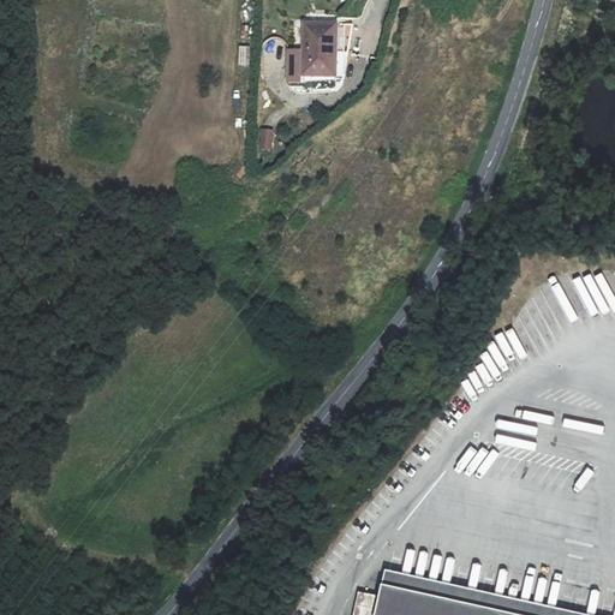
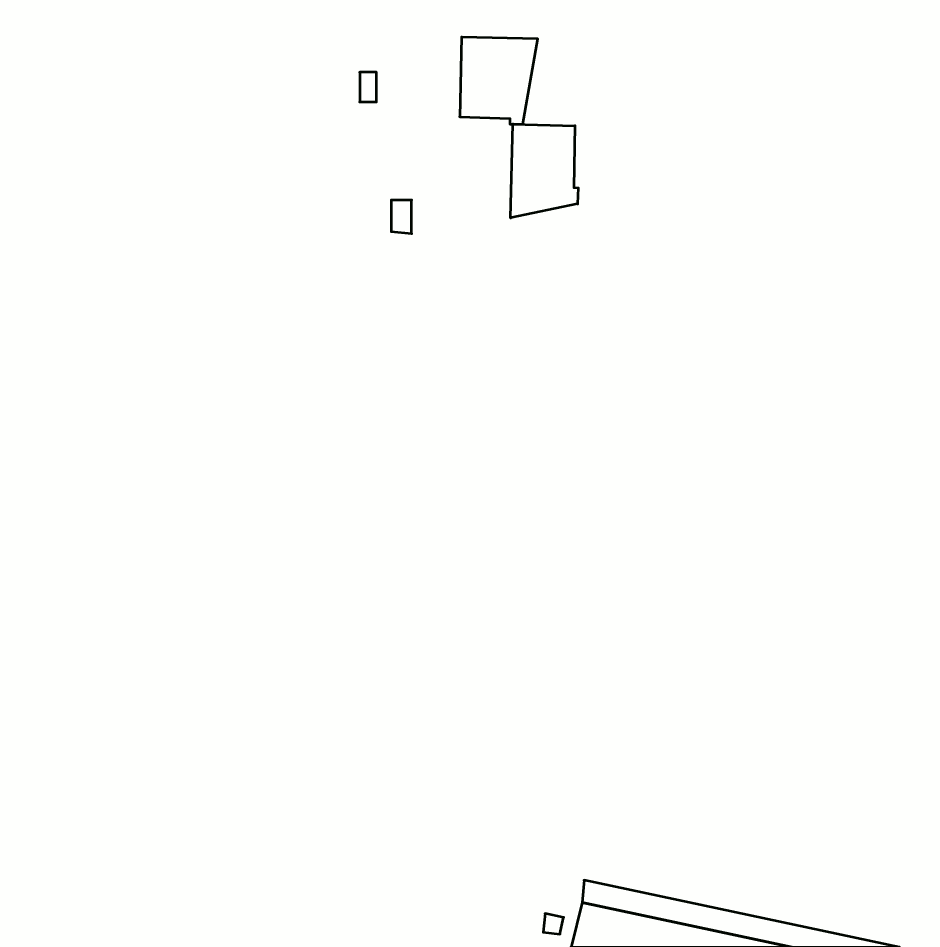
building: none -> [511,124,578,218]

